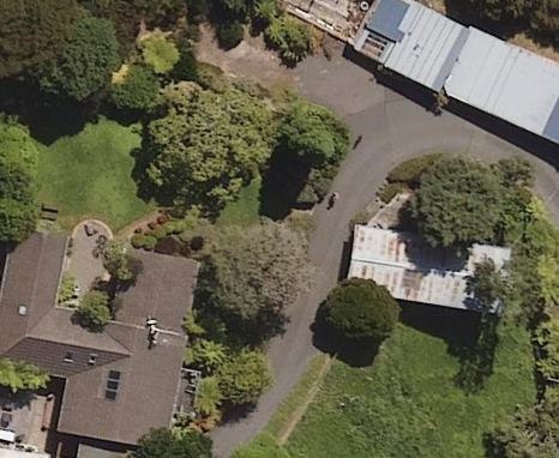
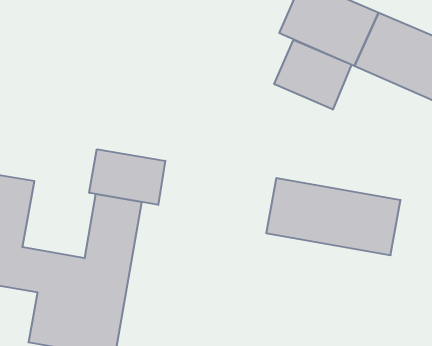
building: none -> [274,40,351,110]
building: none -> [89,149,165,205]

